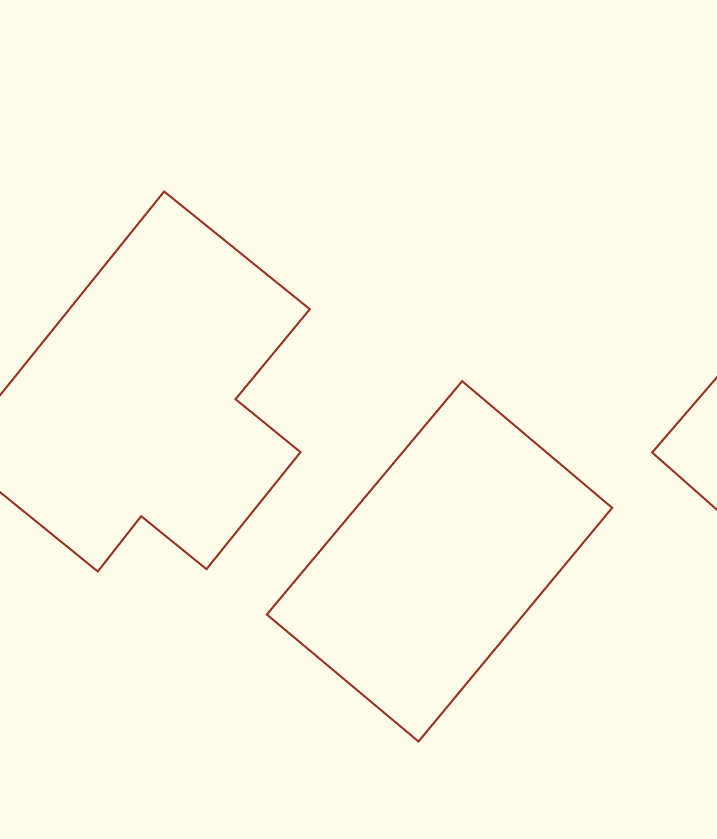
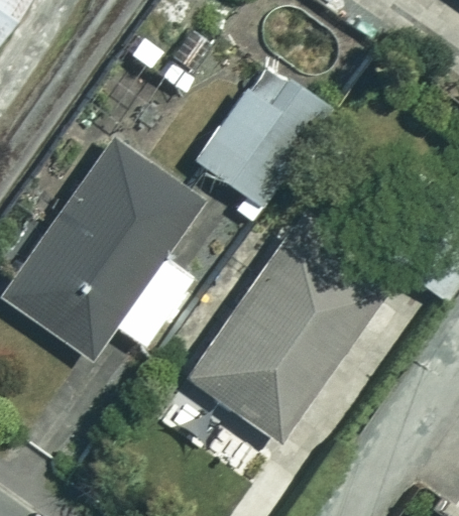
building: none -> [197,64,336,209]

